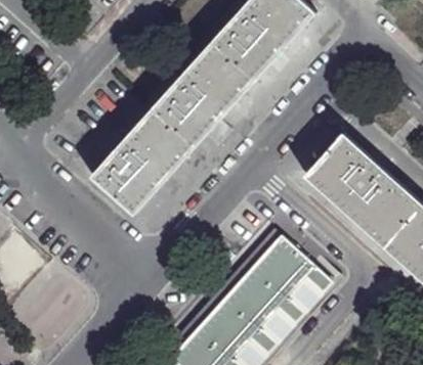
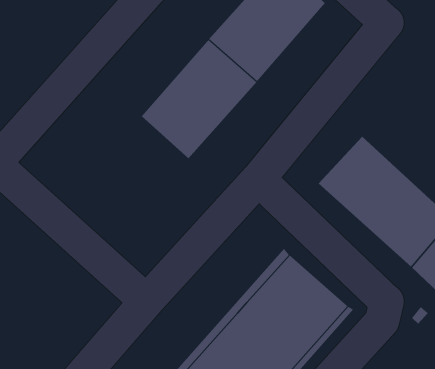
building: [89,113,191,217] -> none

